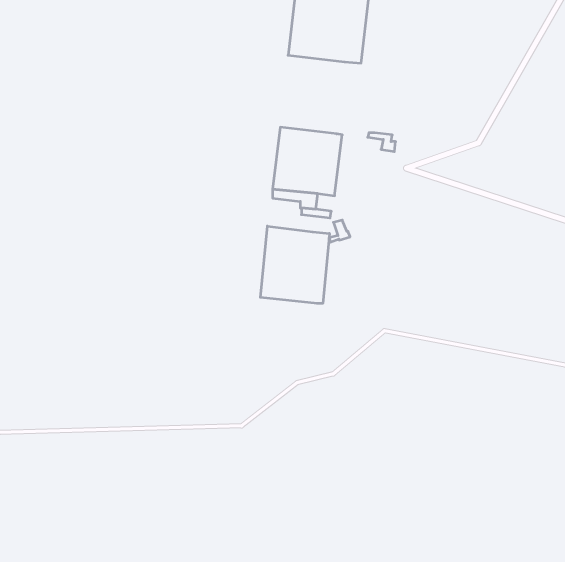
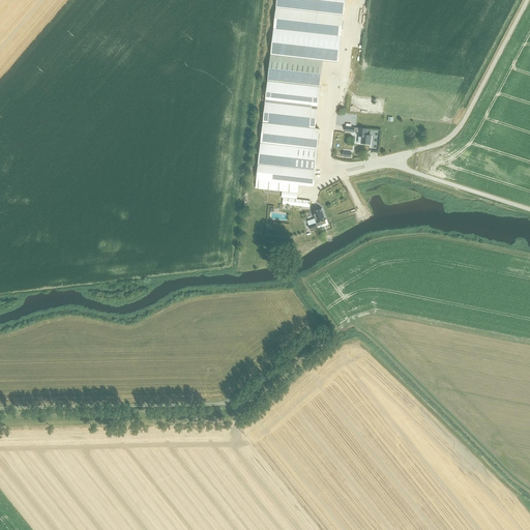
building: none -> [262,52,322,125]
building: [260,226,329,303] -> none

